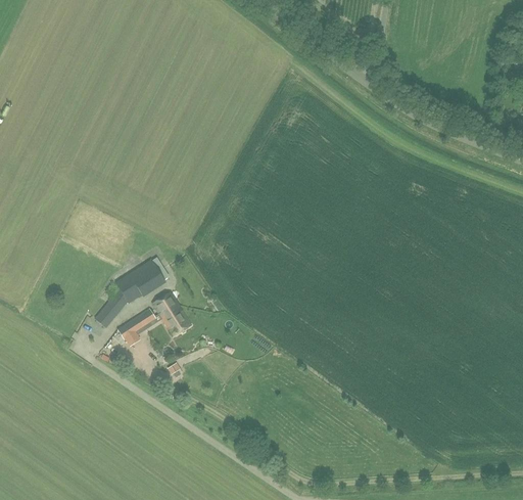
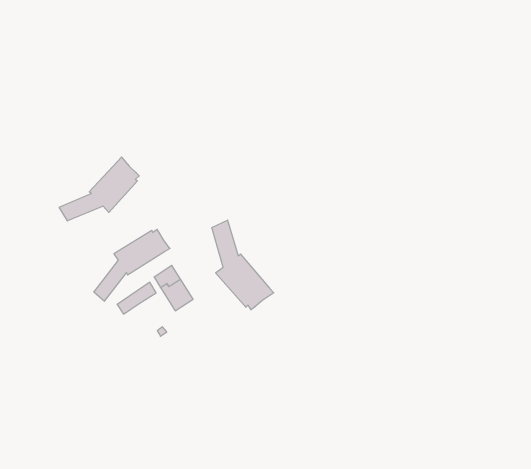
building: none -> [59,157,139,221]
building: none -> [212,220,274,310]

